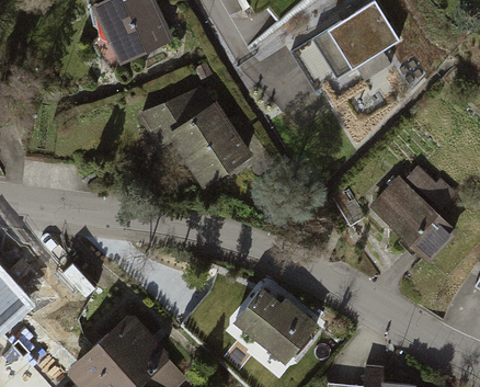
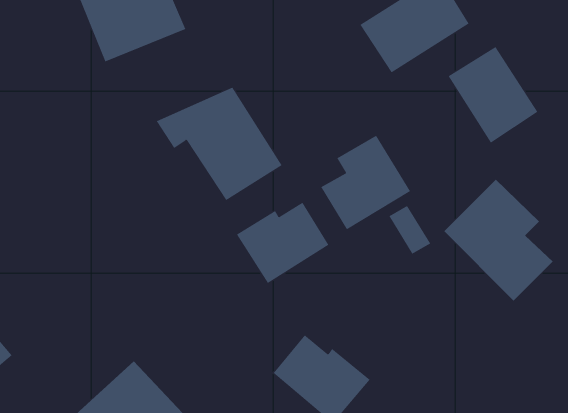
building: none -> [448,46,538,143]
building: none -> [321,135,411,230]
building: none -> [236,202,329,284]

